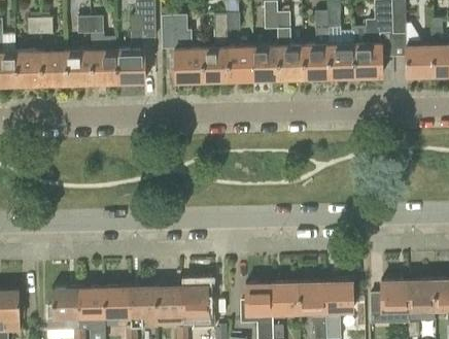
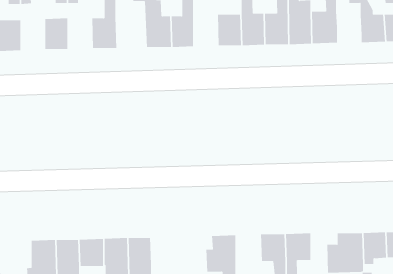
building: [228,45,253,80] -> none
building: [93,49,118,83] -> none
building: [42,50,67,84] -> none
building: [273,281,300,318] -> none
building: [181,284,209,314] -> none

